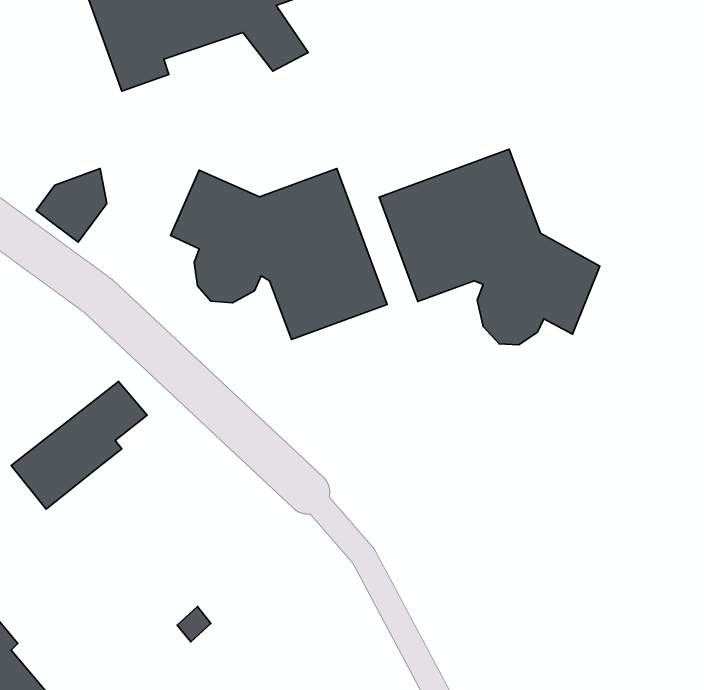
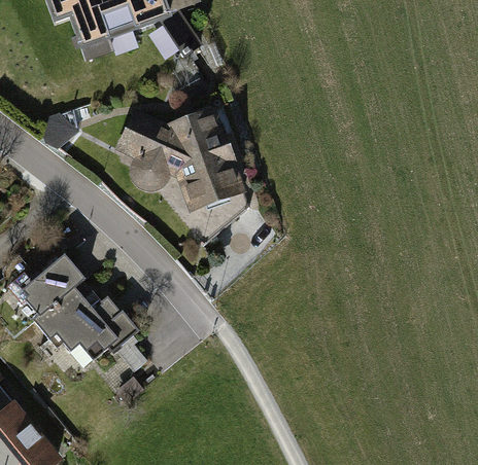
building: [379,149,600,345] -> none
building: none -> [37,291,132,355]

